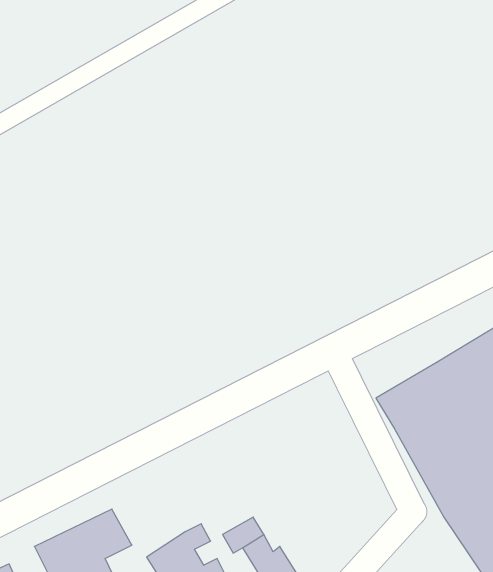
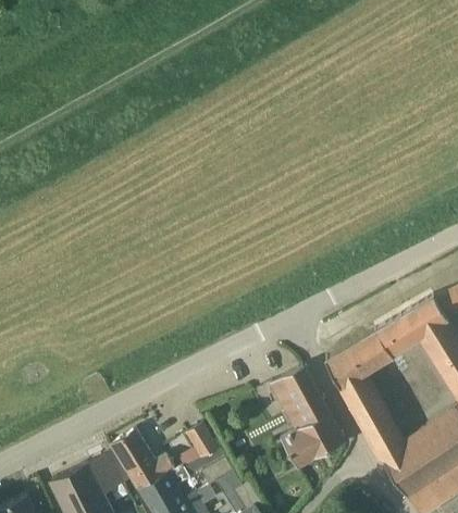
building: none -> [270,367,346,470]
building: none -> [182,423,225,478]
building: none -> [111,431,173,491]

